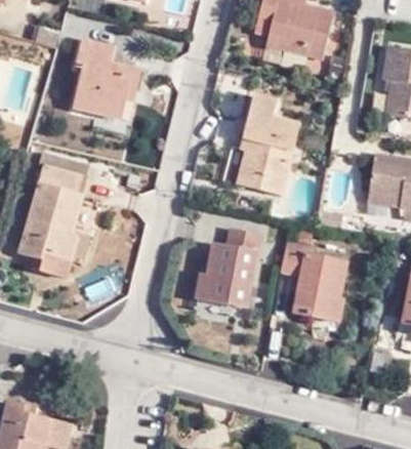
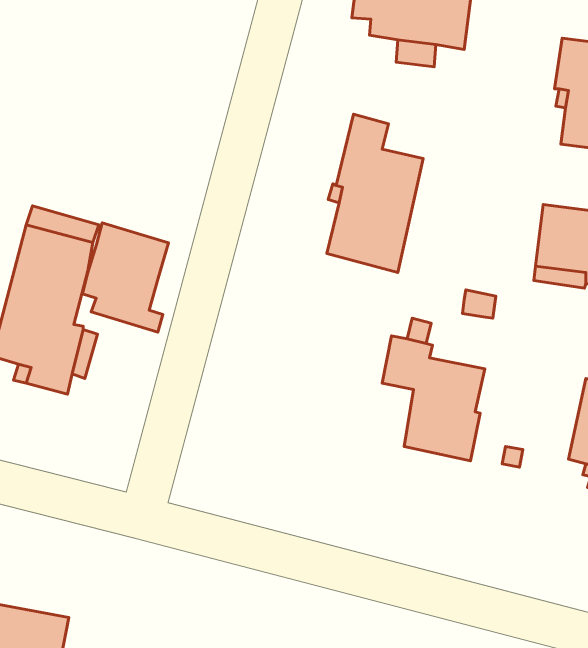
building: [64,33,135,117] -> none
building: none -> [82,223,169,332]
building: [188,229,256,308] -> none

